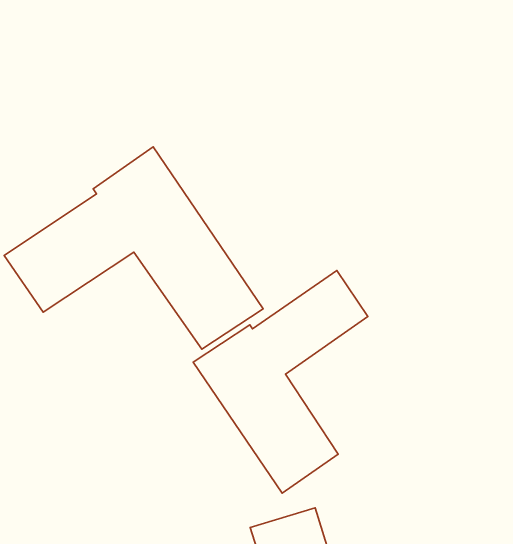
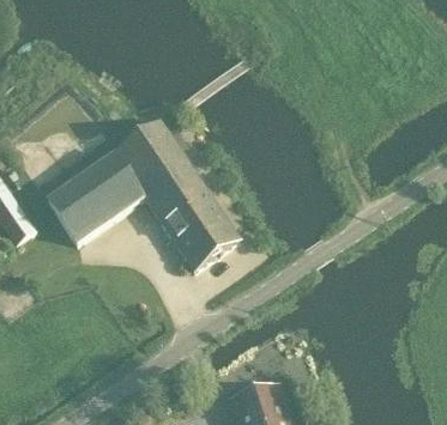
building: [193,270,368,493] -> none

